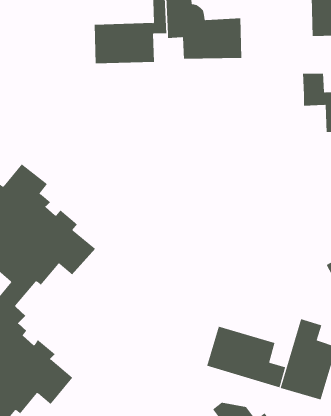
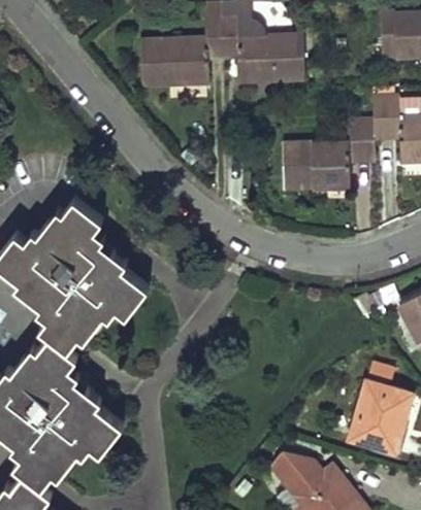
building: none -> [284,121,376,190]
building: [206,326,286,388] -> none

